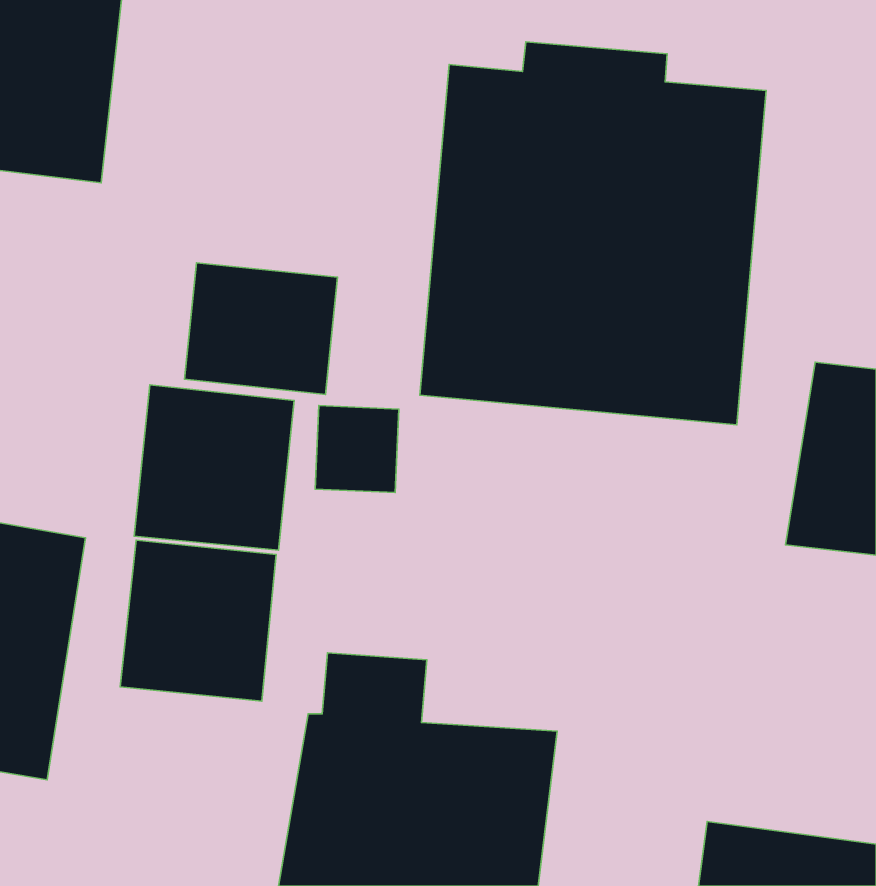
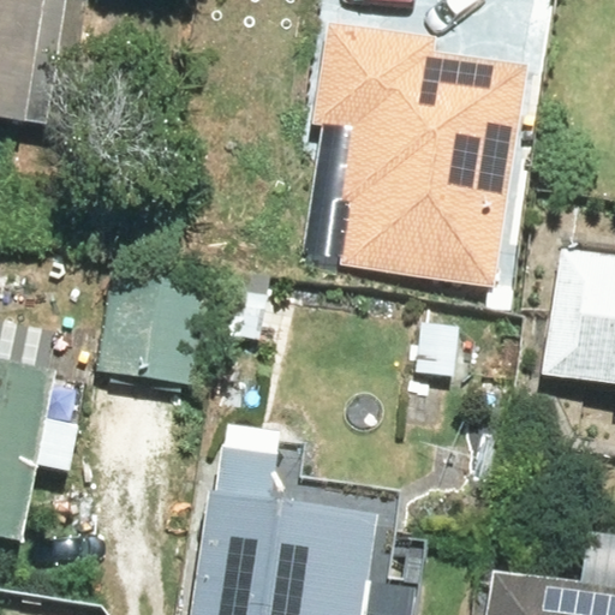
building: [185,263,338,395] -> none
building: [120,540,276,701] -> none

